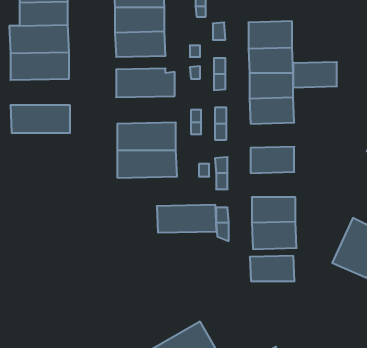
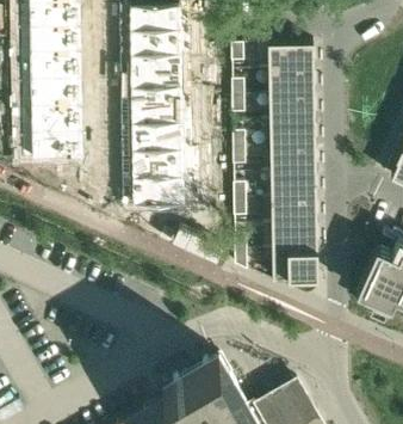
building: [293,62,337,87] -> [271,150,316,177]
building: none -> [21,105,83,133]
building: [157,205,217,233] -> [131,123,193,152]
building: [250,256,295,281] -> [271,202,317,228]

